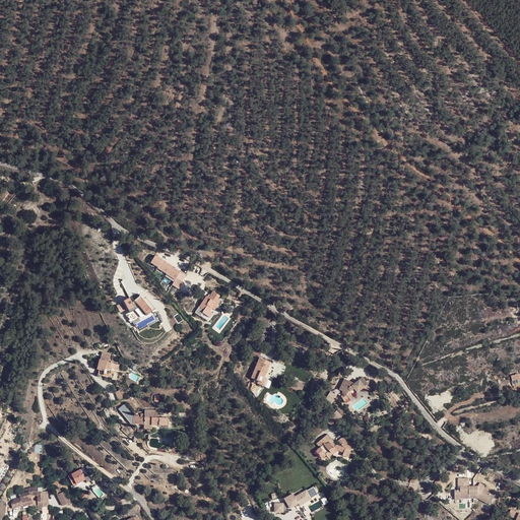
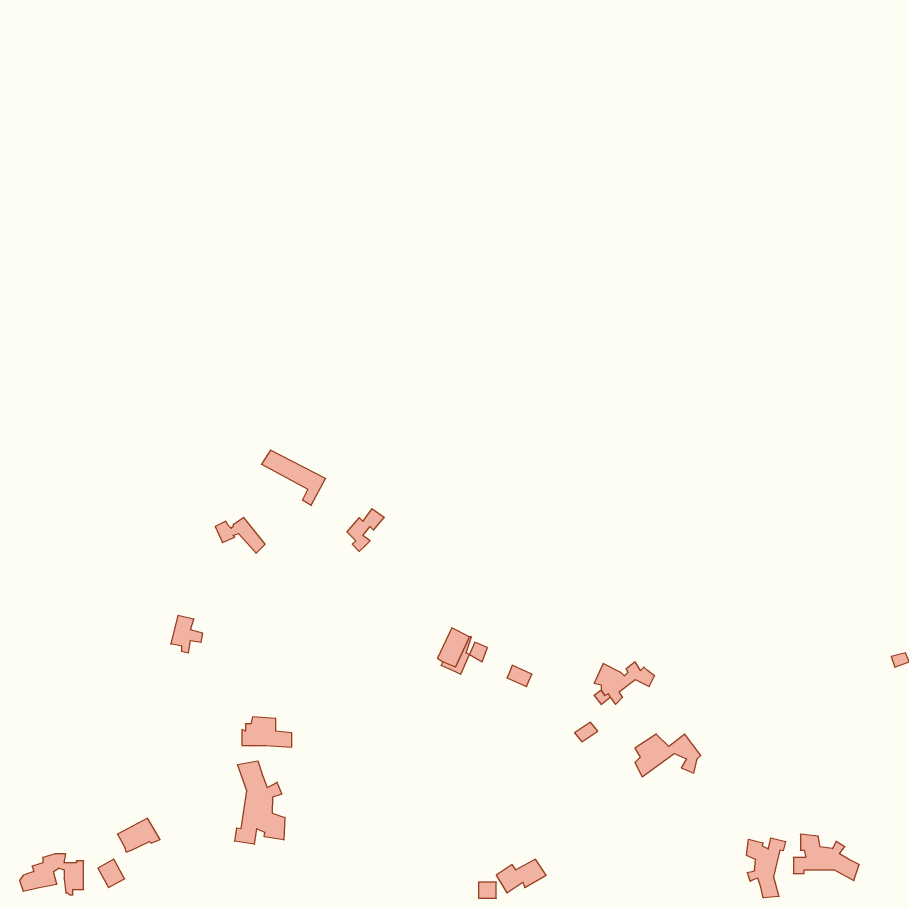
building: none -> [235,761,285,844]
building: [316,437,353,461] -> [635,734,701,777]
building: none -> [746,838,785,898]

